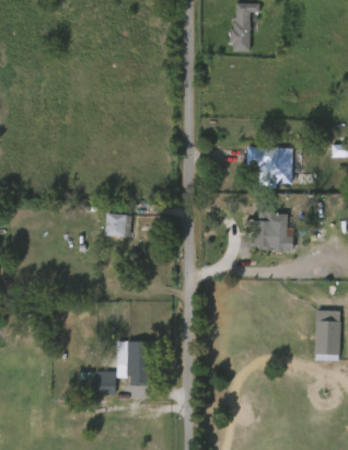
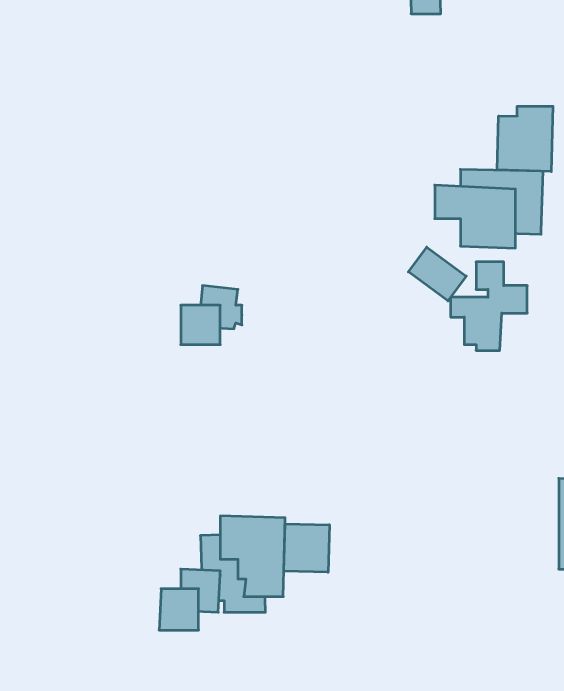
building: none -> [497,106,553,172]
building: none -> [408,247,466,301]
building: none -> [284,524,329,572]

